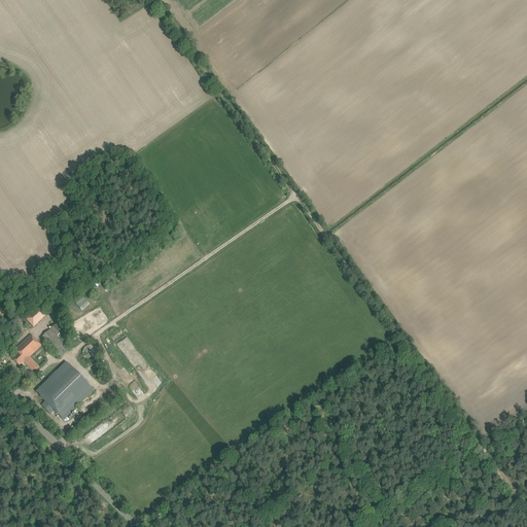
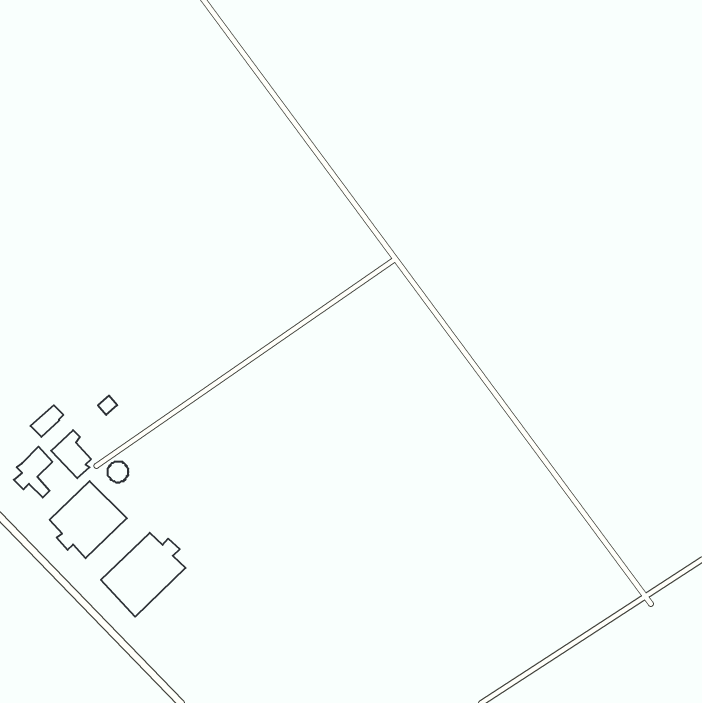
building: none -> [101,533,186,617]

